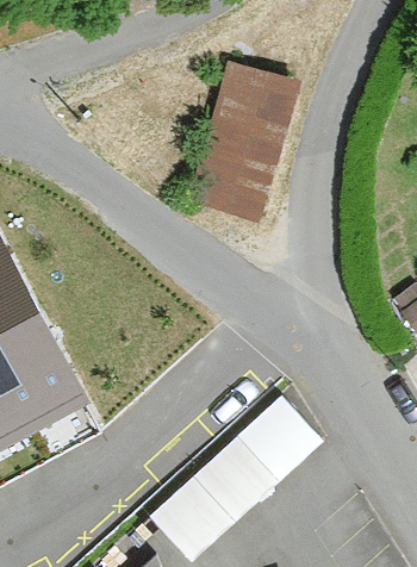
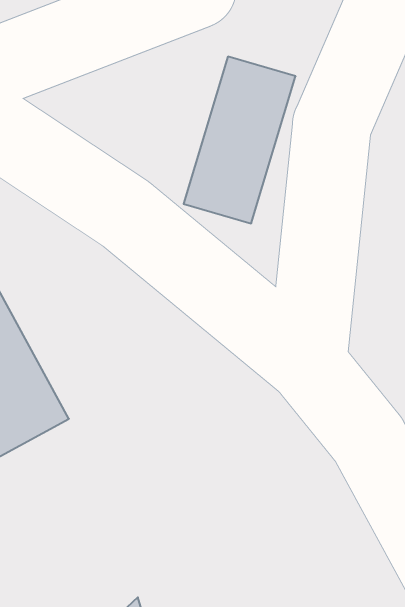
building: [157,401,317,555] -> none

